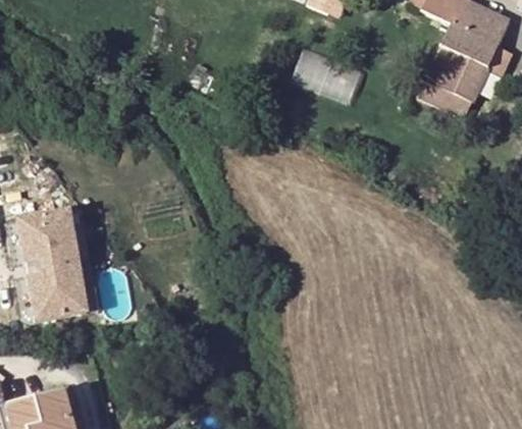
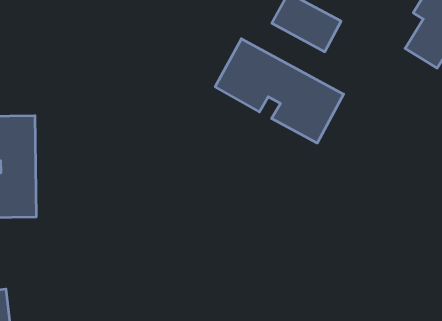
building: [418,49,472,117] -> none
building: none -> [215,39,344,143]

